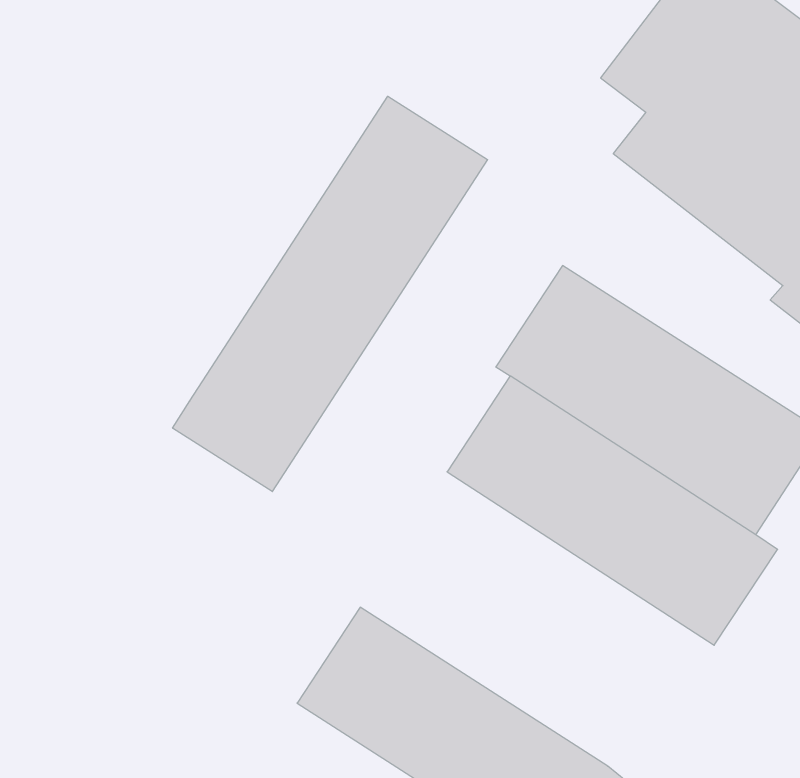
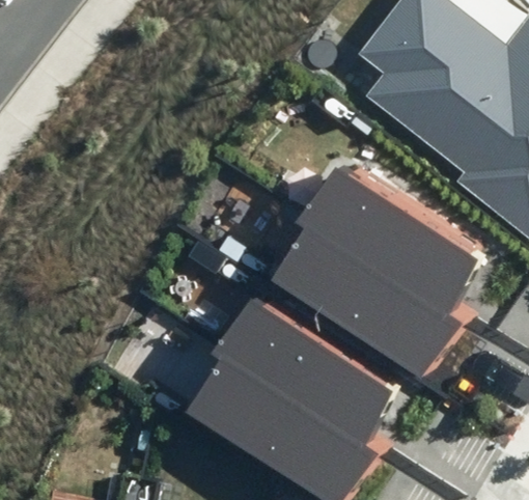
building: [173,96,488,492] -> none
building: none -> [214,294,400,448]

